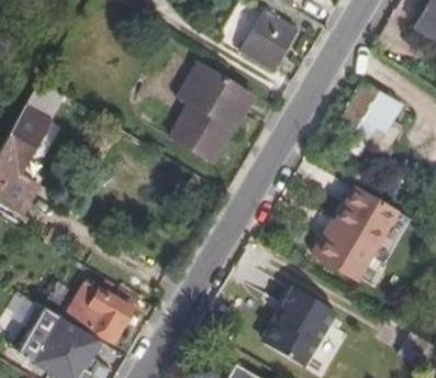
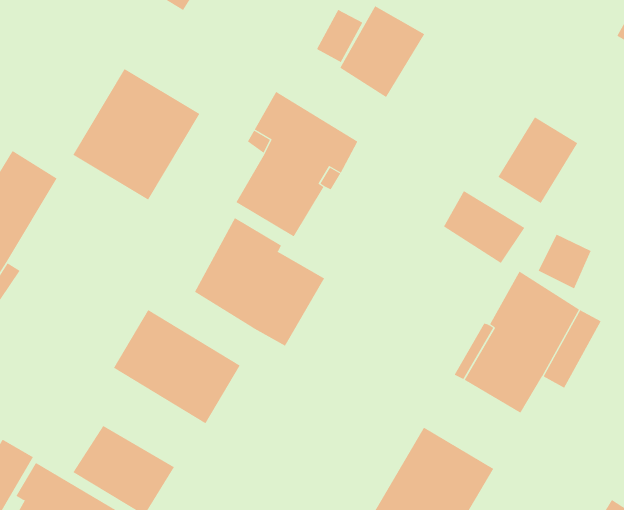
building: none -> [73,68,200,201]
building: none -> [443,190,525,264]
building: none -> [194,217,325,346]
building: none -> [113,309,241,424]

